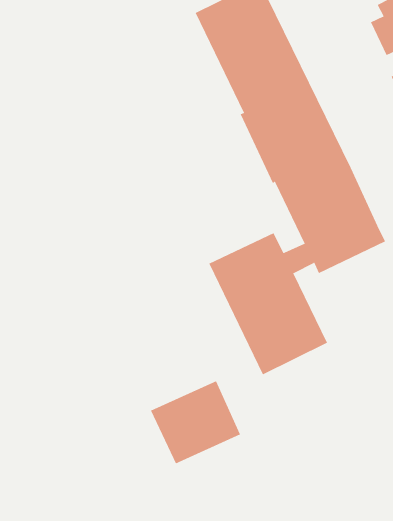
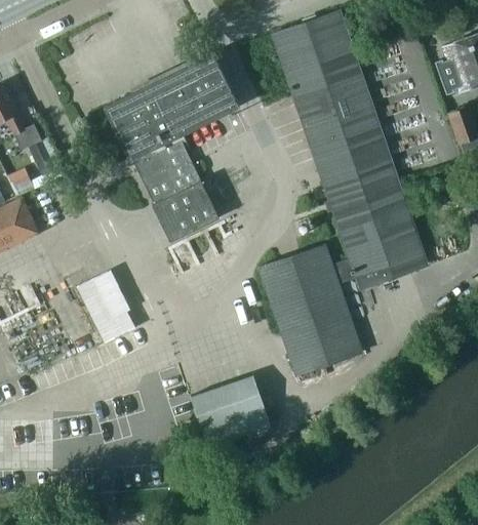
building: none -> [104,53,239,242]
building: none -> [76,272,135,344]

